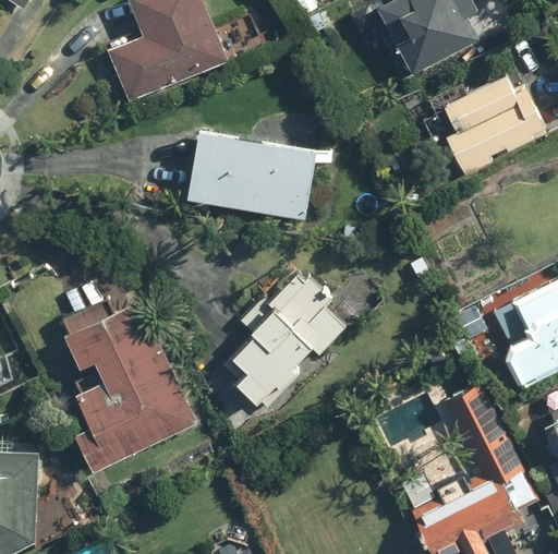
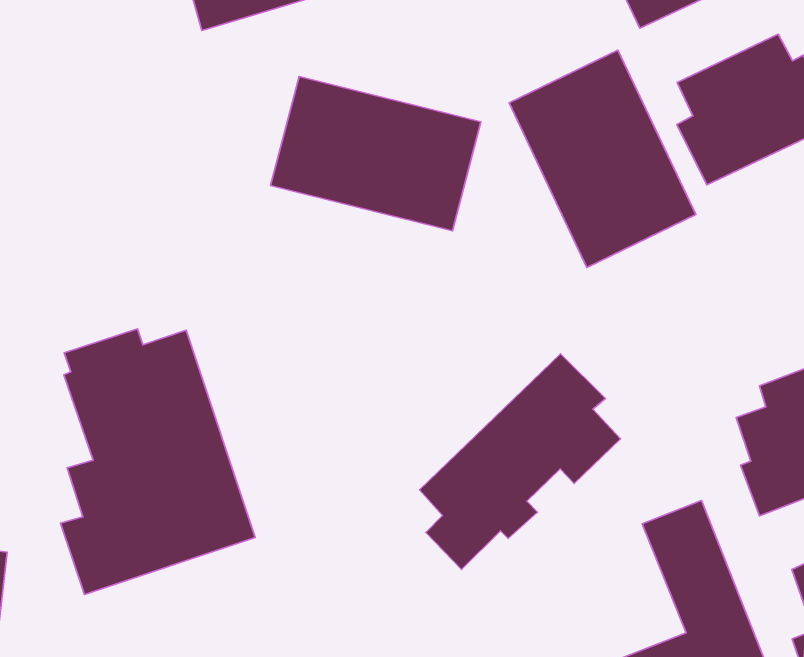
building: none -> [509,50,696,267]
building: [220,270,347,416] -> [420,354,620,570]

